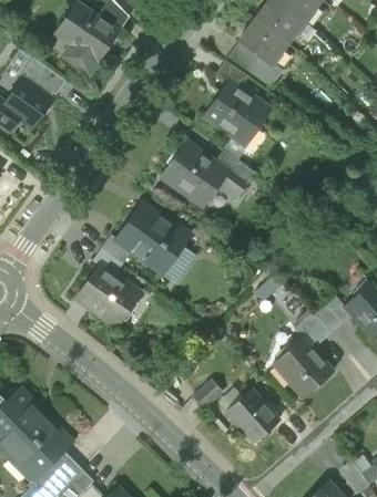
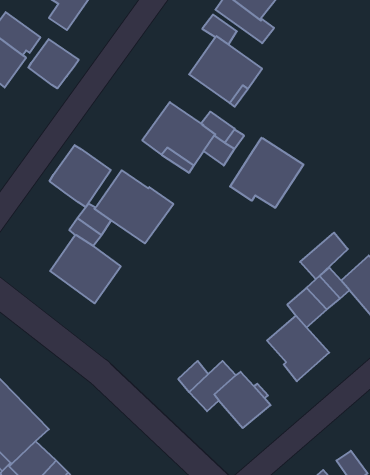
building: none -> [28,39,79,88]
building: none -> [230,138,303,208]
building: none -> [50,145,111,207]
building: none -> [300,233,348,279]

